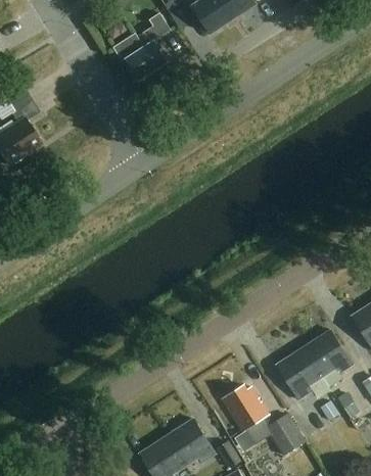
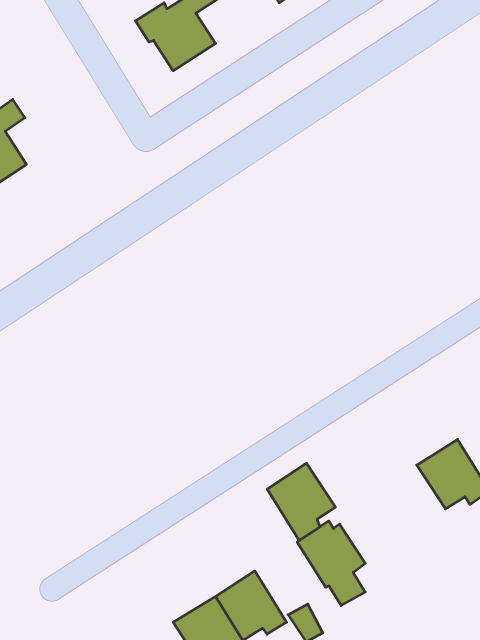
building: [277,346,323,398] -> [267,463,335,540]
building: [266,412,306,455] -> none

